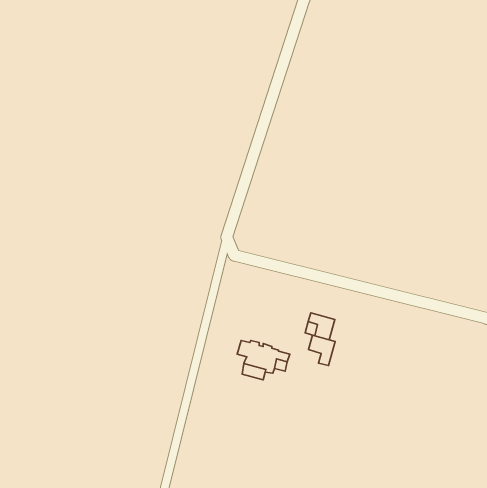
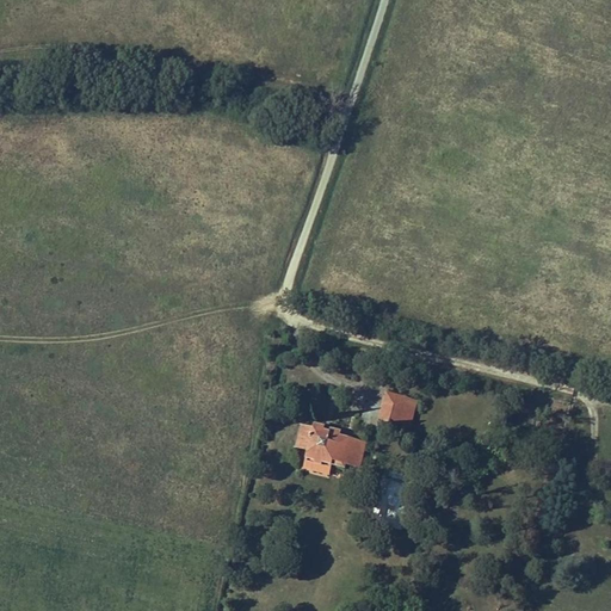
building: [308,335,335,365] -> none

